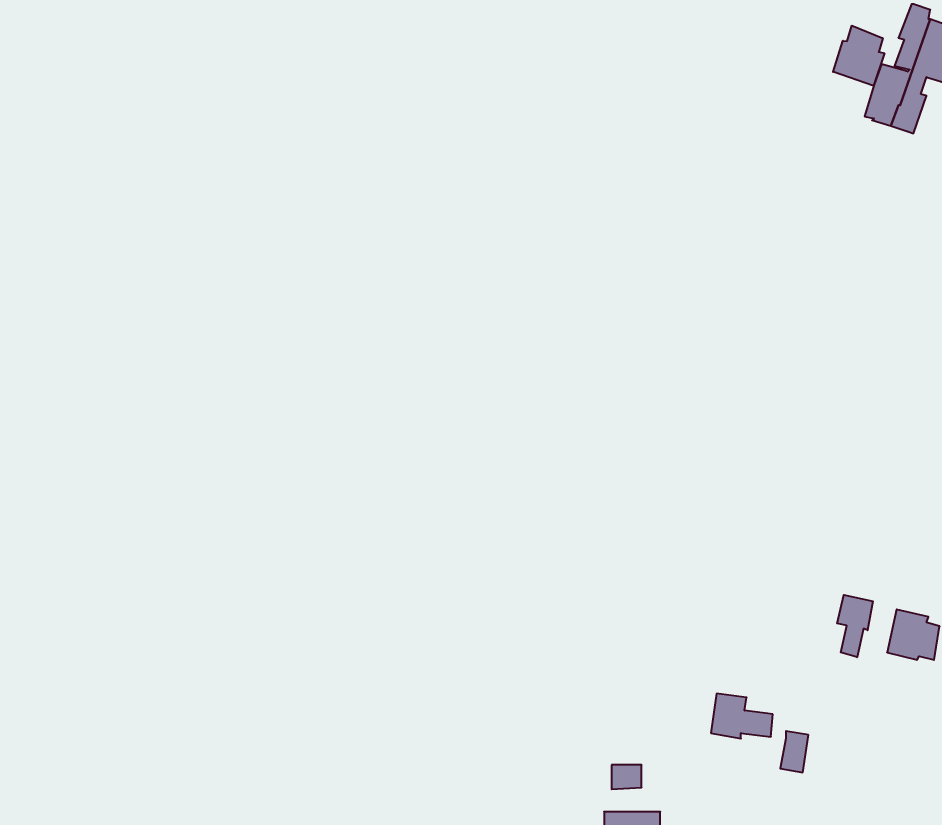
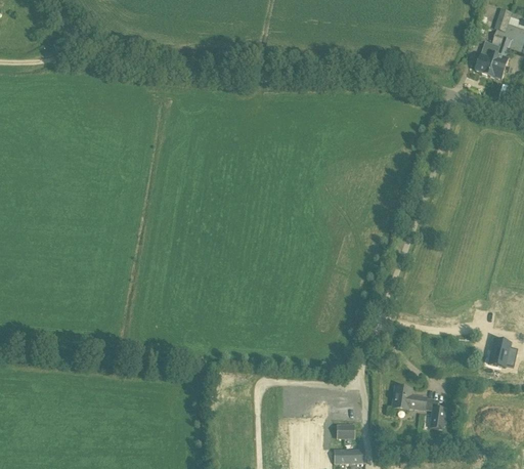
building: [833,26,884,86] -> none
building: [837,595,873,657] -> none

